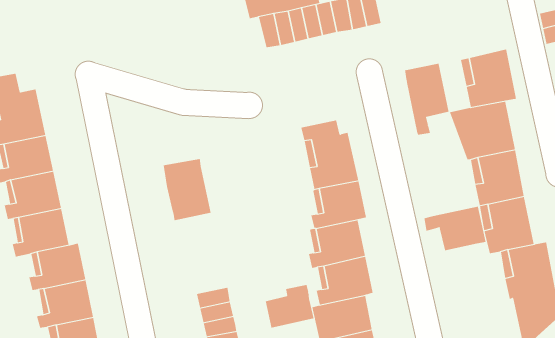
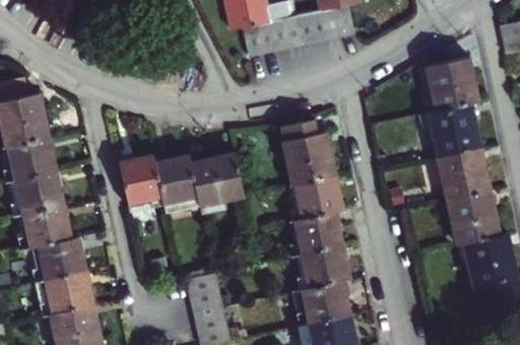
building: [404,63,449,135] -> none
building: none -> [192,154,247,214]
building: none -> [120,155,166,214]
building: [424,206,486,251] -> none
building: [265,284,314,328] -> none

